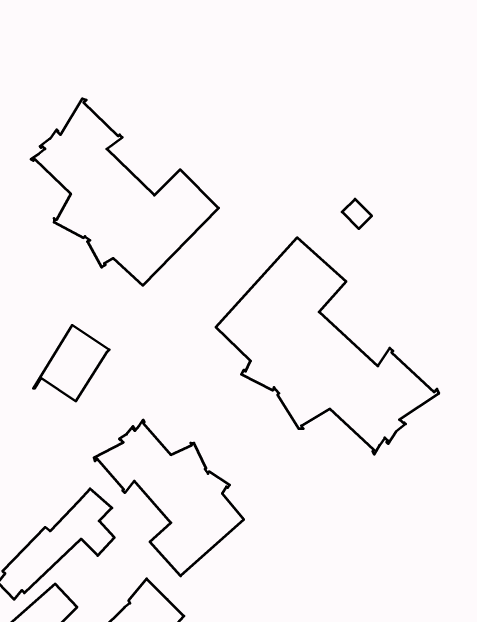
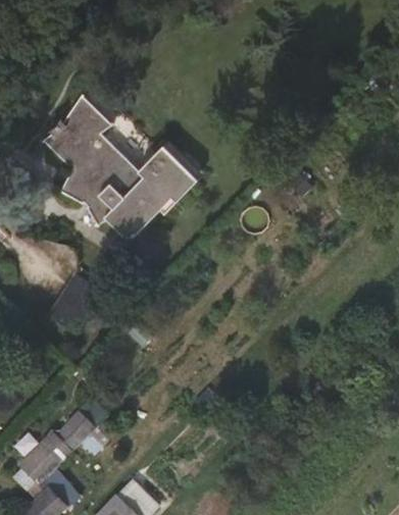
building: [216,238,439,454] -> none
building: [94,420,244,576] -> none

